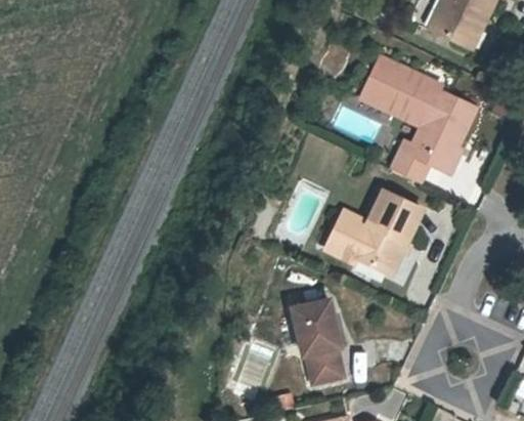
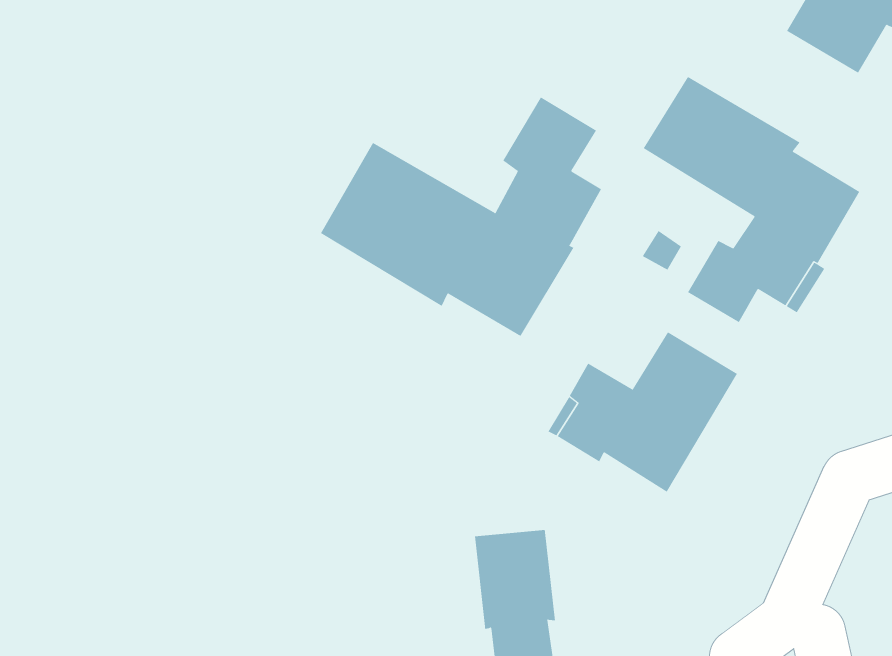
building: none -> [320,97,602,337]

